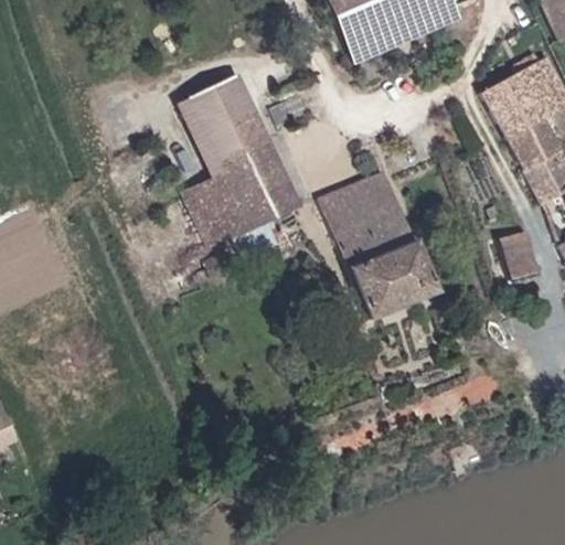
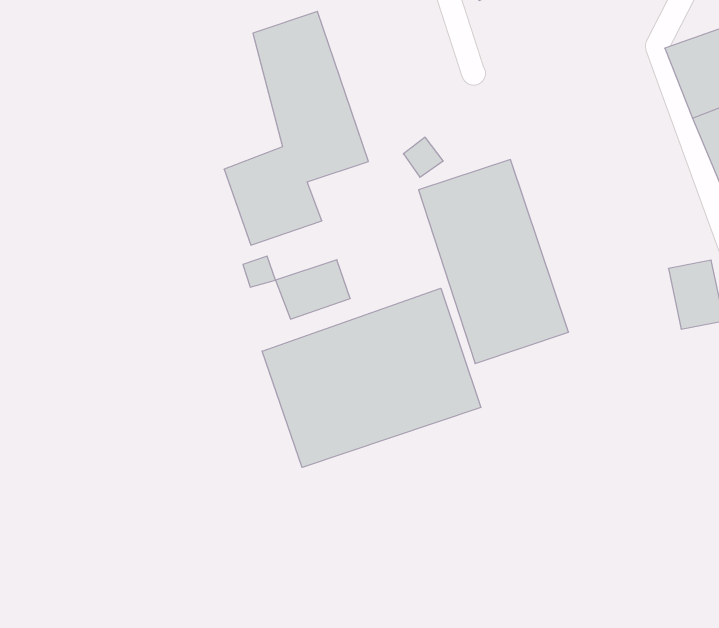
building: [242,182,296,227] -> [276,260,350,319]
building: none -> [262,288,481,467]

